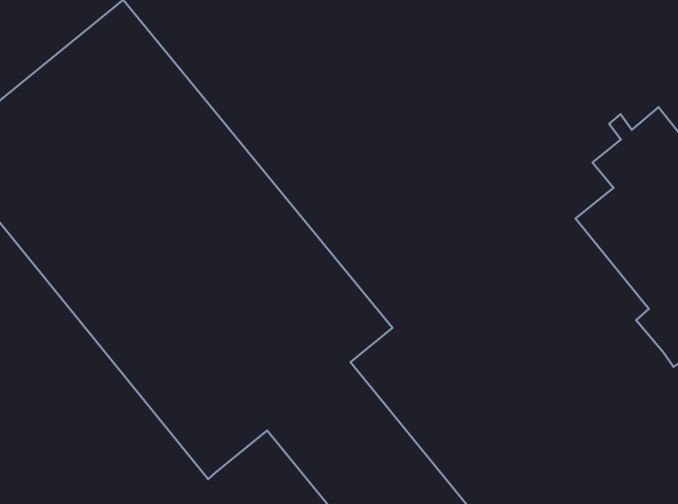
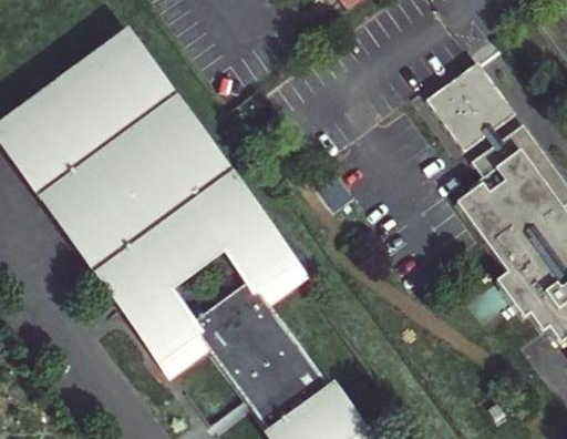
building: none -> [426,68,515,155]

